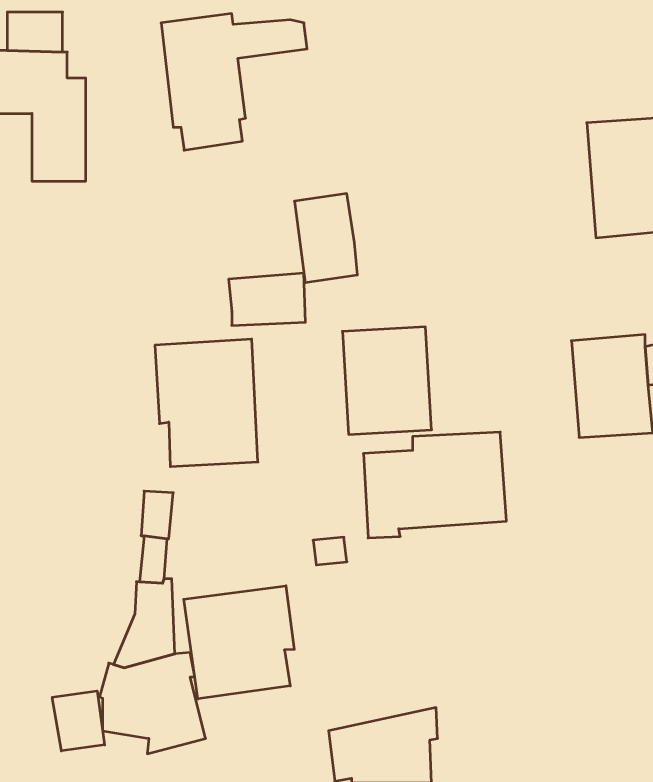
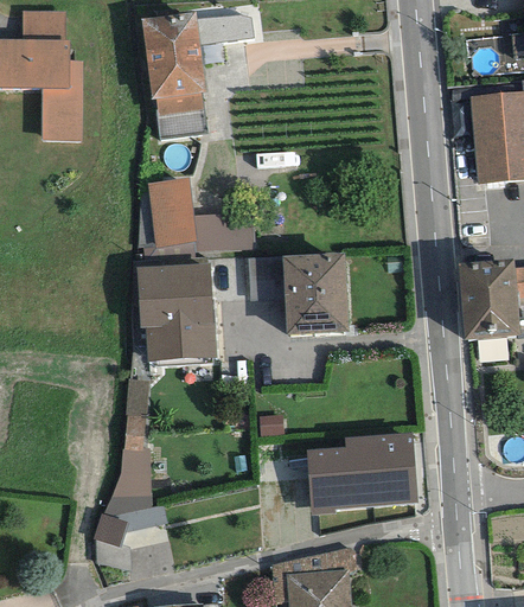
building: none -> [156,109,207,140]
building: [294,194,357,283] -> [147,178,196,247]
building: none -> [248,255,277,298]
building: [363,432,506,538] -> [307,433,417,515]
building: [184,586,294,699] -> none
building: [52,691,105,751] -> none

